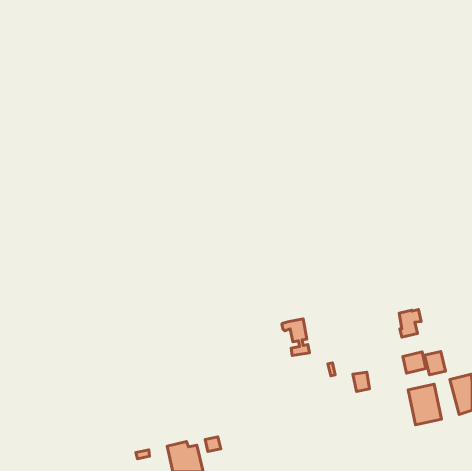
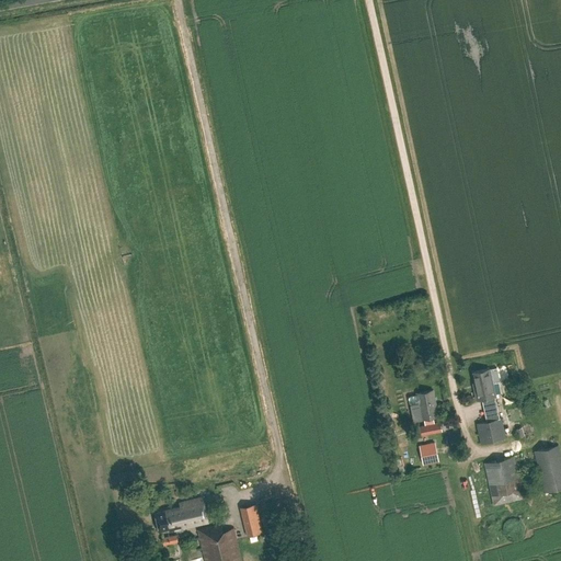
building: [282,319,310,356] -> [409,391,442,435]
building: [425,351,446,375] -> none
building: none -> [153,499,208,533]

